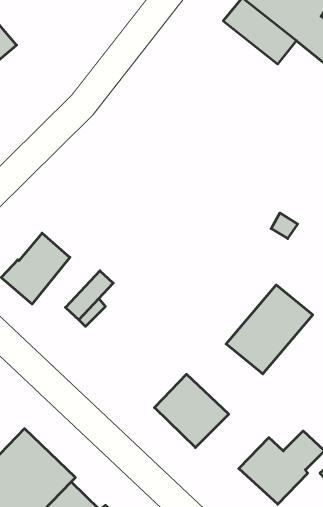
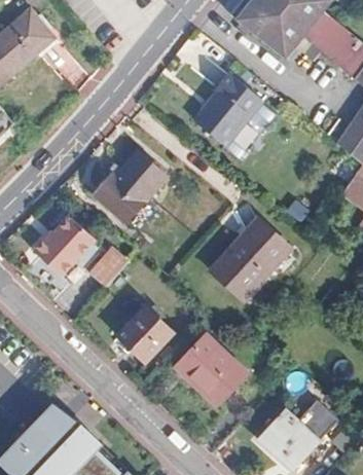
building: none -> [201,73,265,145]
building: none -> [99,143,170,213]
building: [226,285,313,374] -> [211,215,291,297]
building: none -> [113,300,168,355]

